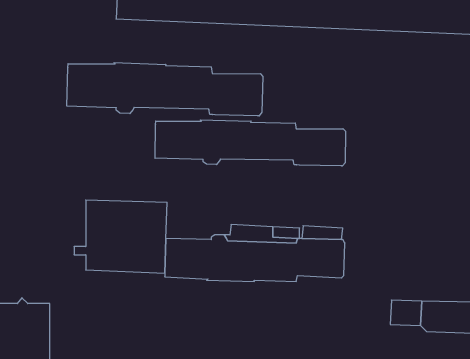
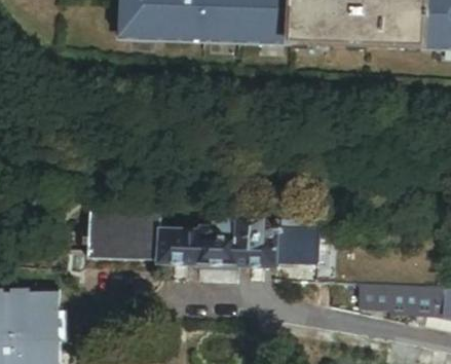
building: [67,63,263,116] -> none
building: [155,120,345,166] -> none

